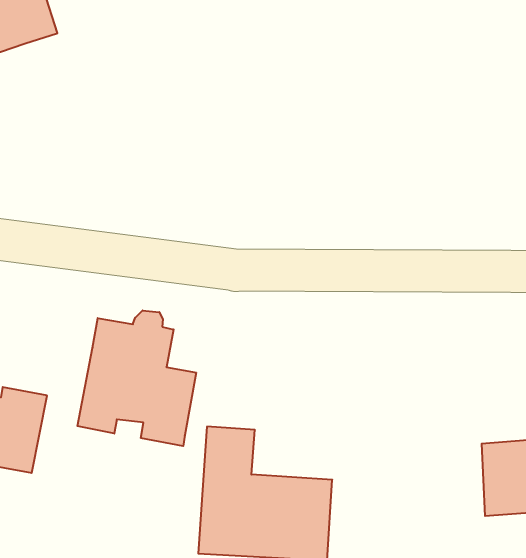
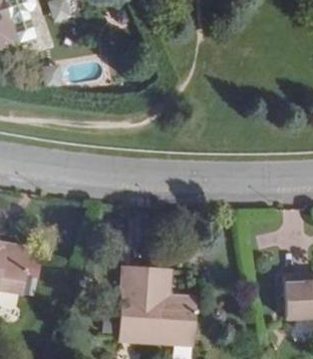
building: [77,310,196,446] -> none

